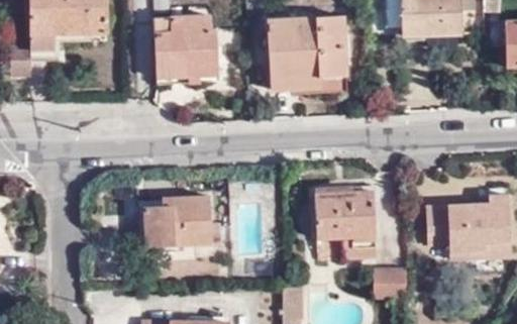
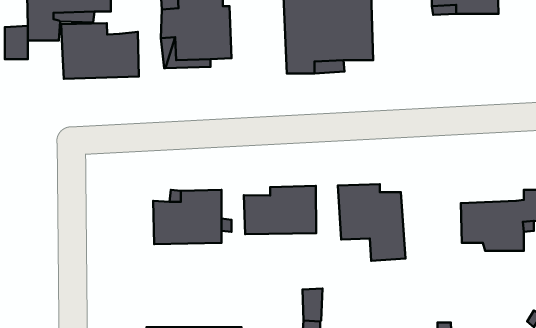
building: none -> [61,23,139,79]
building: none -> [244,186,316,234]
building: [375,267,406,297] -> none

